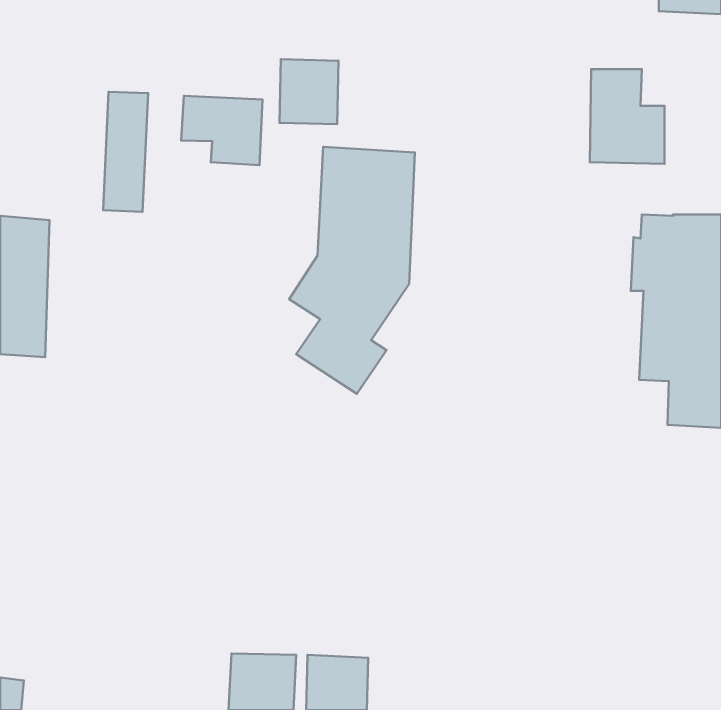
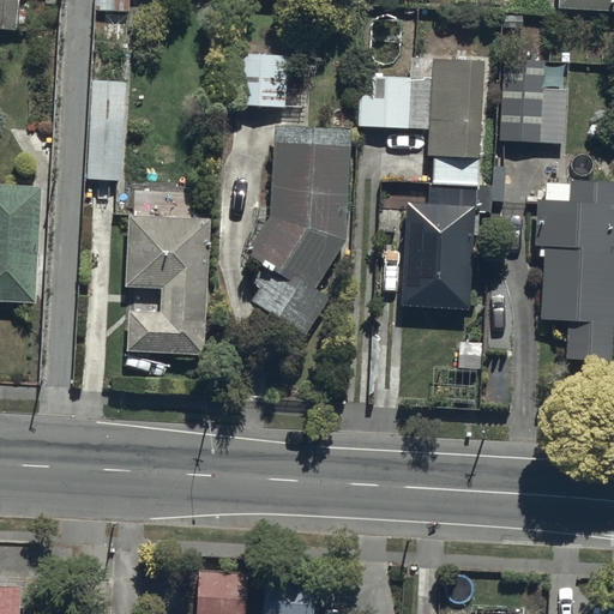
building: none -> [401,59,483,311]
building: none -> [359,70,411,128]
building: [181,96,262,165] -> none
building: none -> [126,218,211,356]

